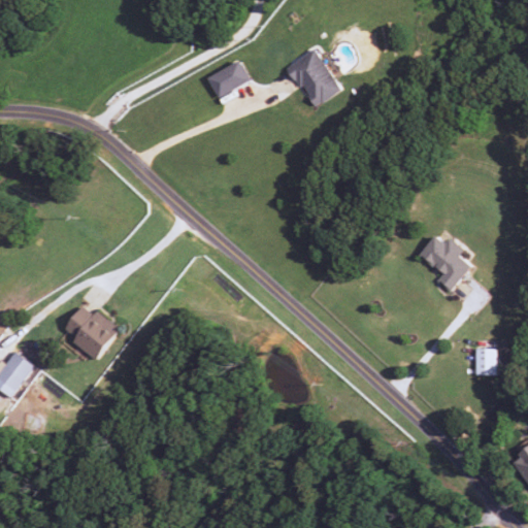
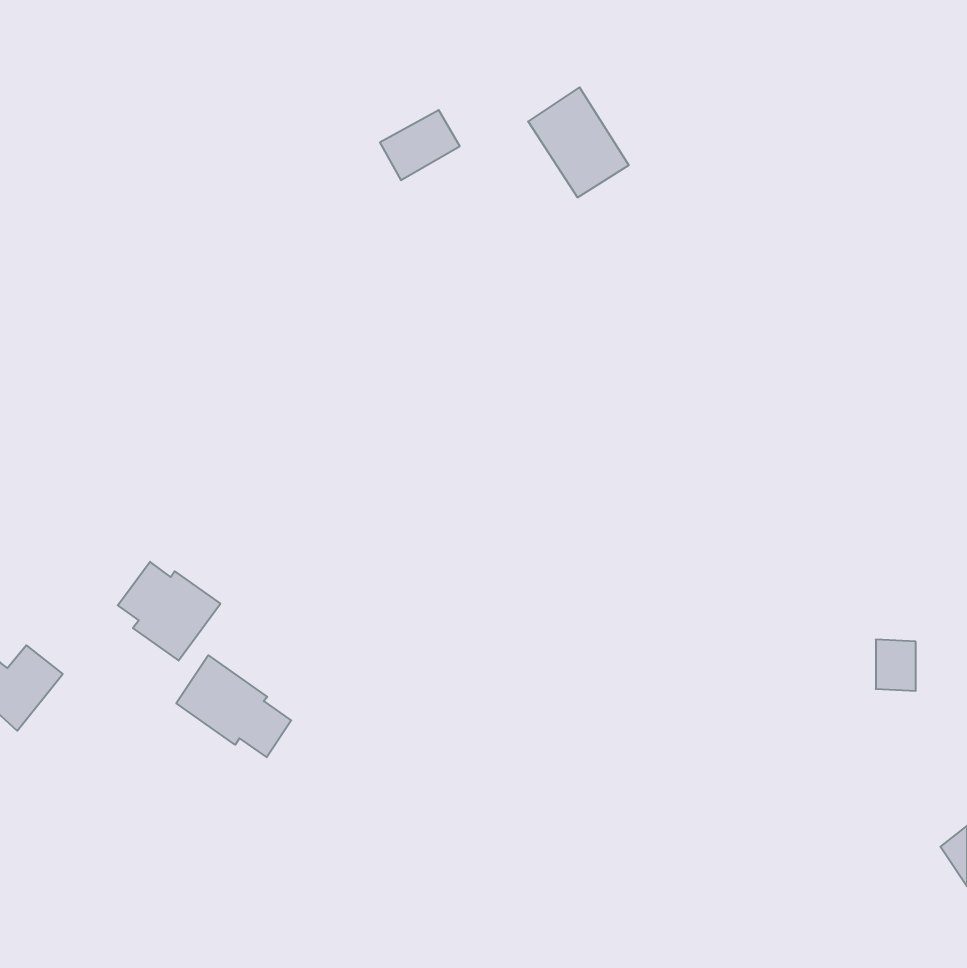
building: [420,235,471,291] -> none
building: none -> [176,655,291,757]

